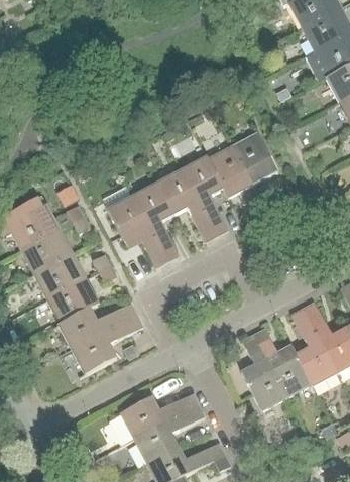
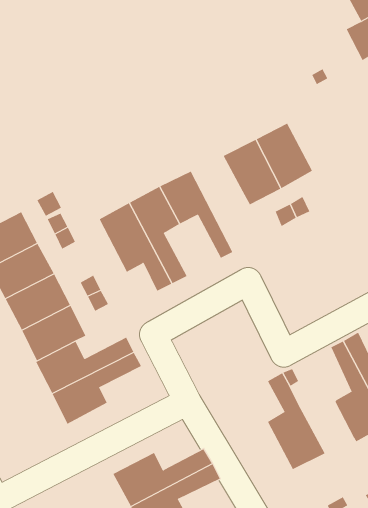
building: [181,157,227,235] -> none
building: [266,344,310,395] -> none

